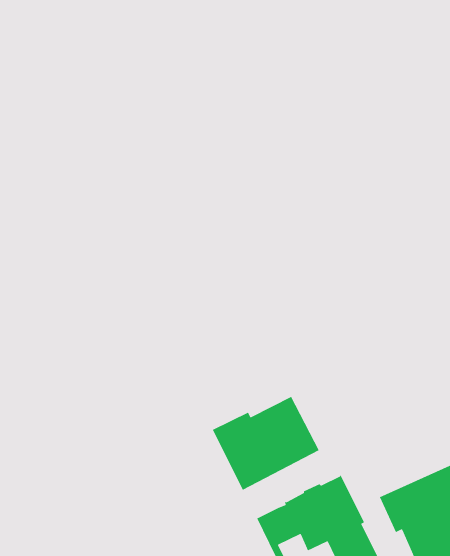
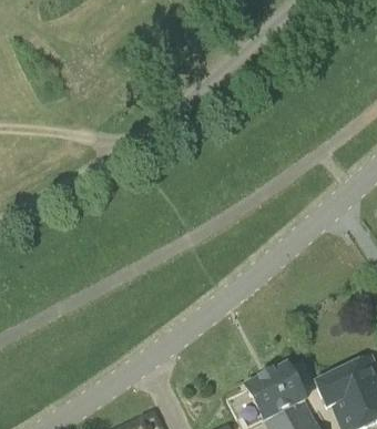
building: [212,396,320,491] -> none

